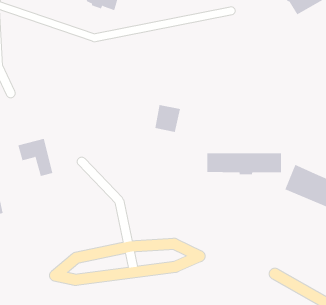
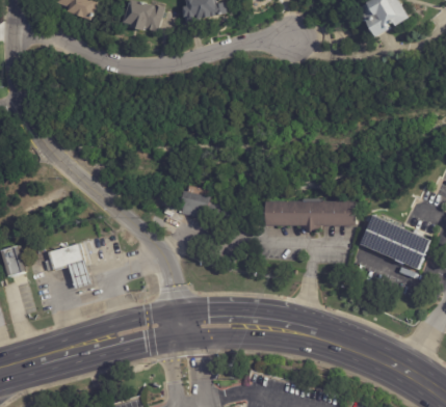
building: [154,105,181,133] -> [181,185,212,218]
building: [17,138,53,177] -> [49,242,91,288]

